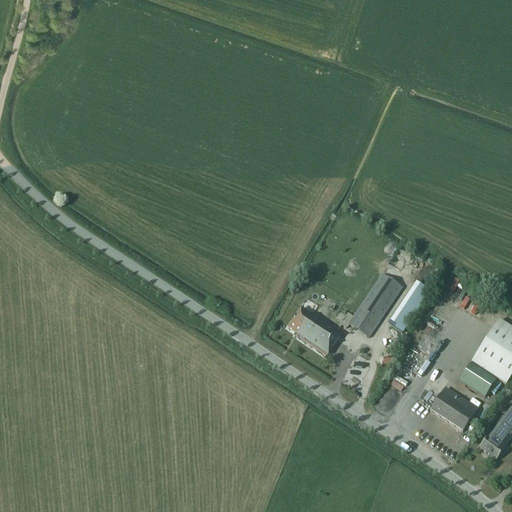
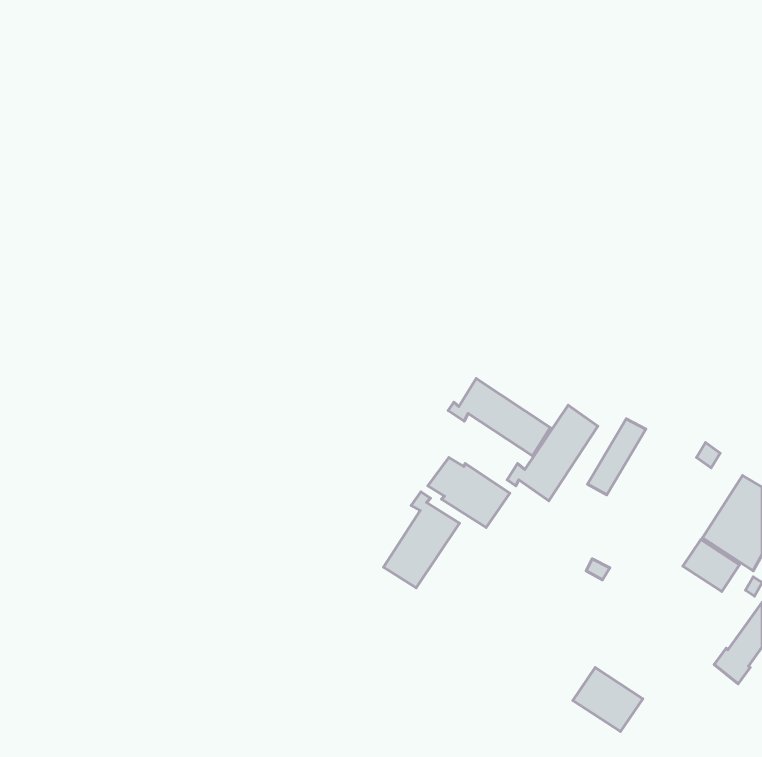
building: none -> [448,378,550,456]
building: none -> [383,492,459,588]
building: [430,387,477,430] -> [573,668,643,732]

